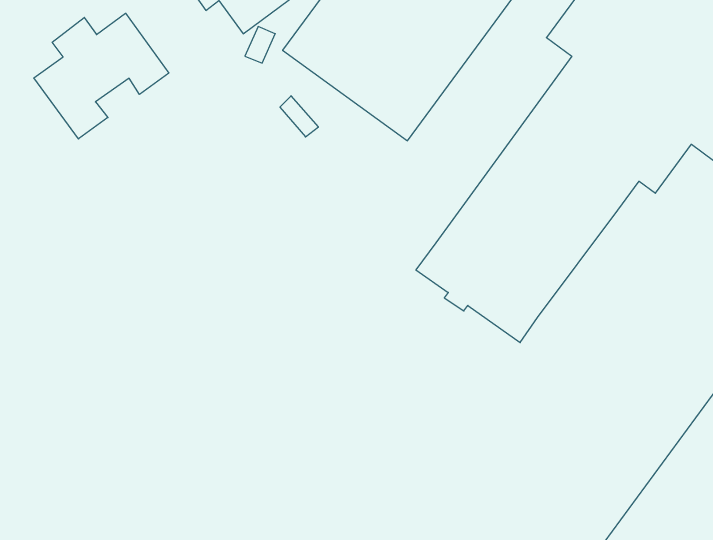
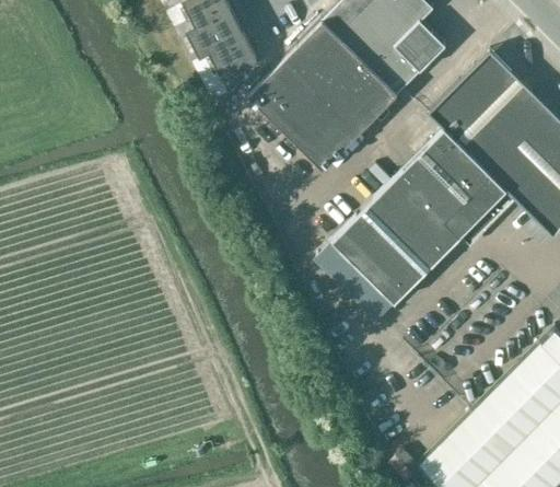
building: [34,13,169,139] -> none

